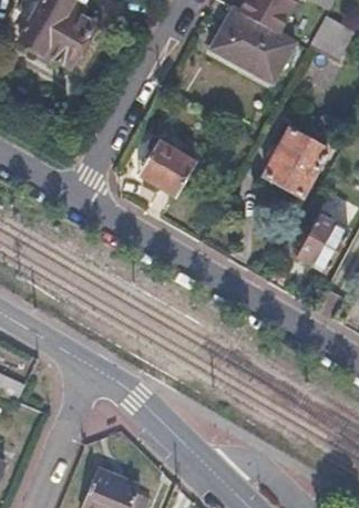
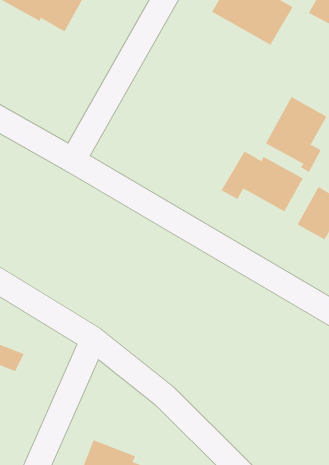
building: [145,139,196,194] -> none
building: none -> [221,151,303,212]

